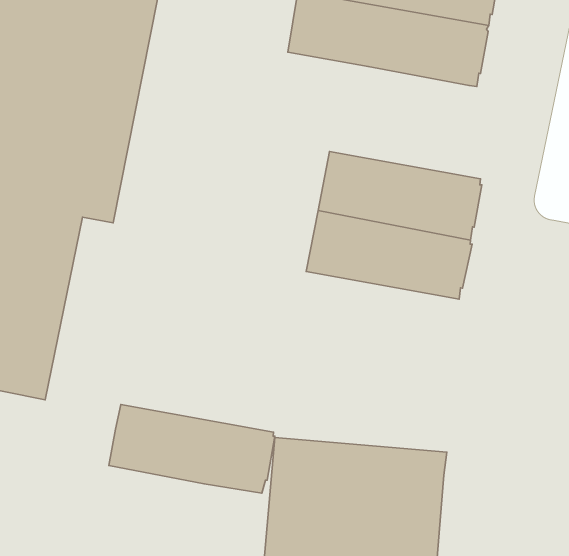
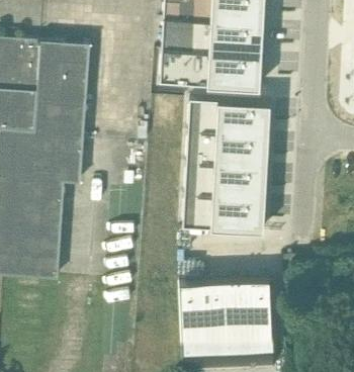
building: none -> [188,97,271,134]
building: [109,405,275,493] -> [182,194,266,230]

